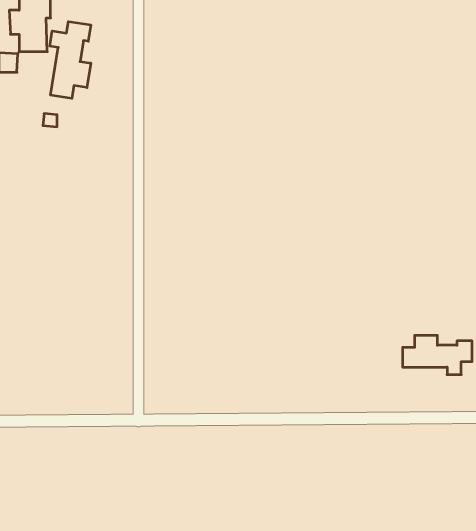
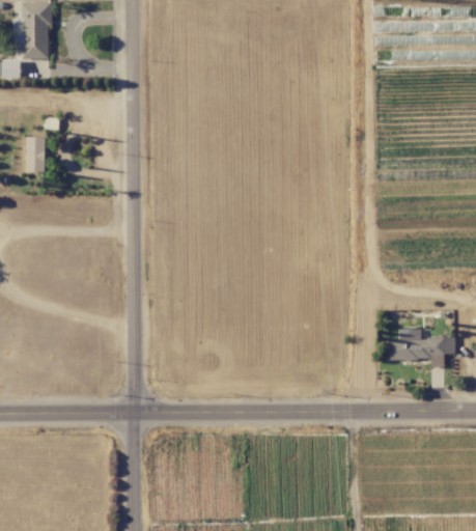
building: [50,22,91,98] -> none
building: none -> [26,137,46,172]

